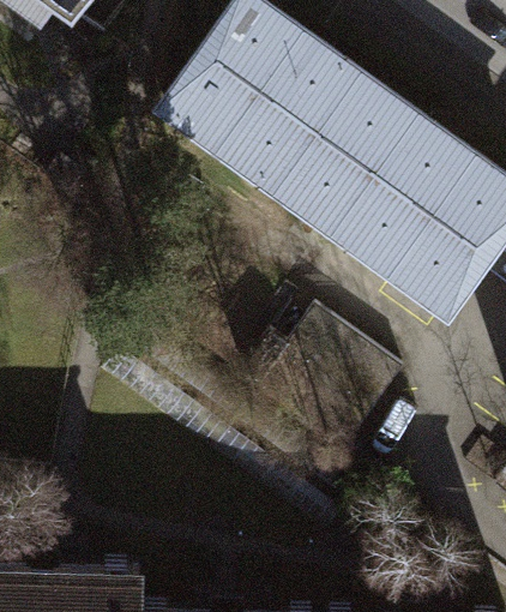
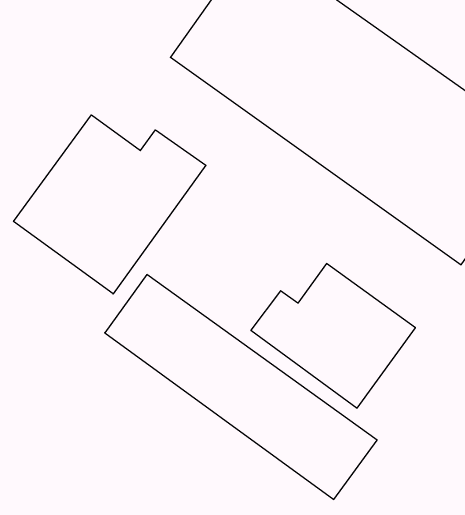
building: none -> [14,115,206,294]

